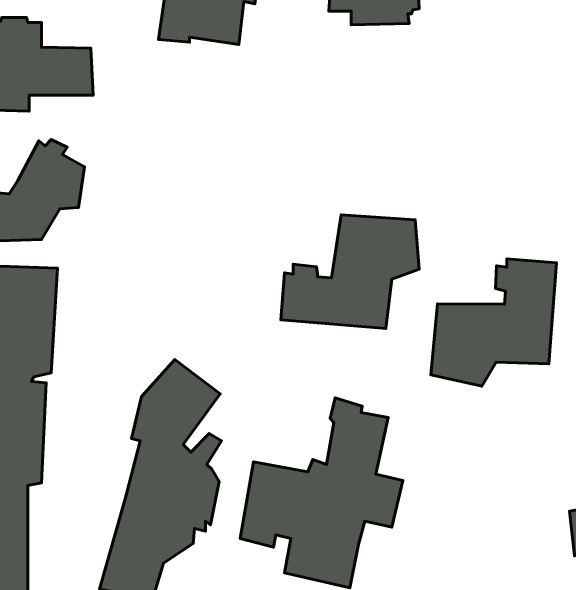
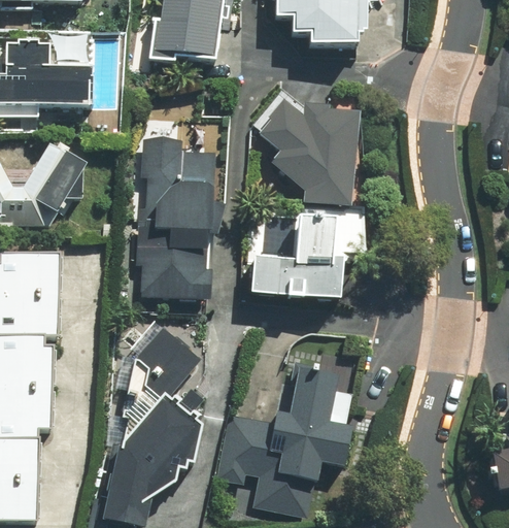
building: none -> [252,96,359,205]
building: none -> [133,137,224,301]
building: [431,259,556,386] -> none

